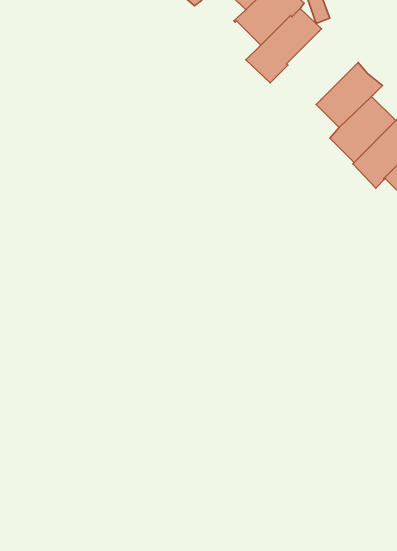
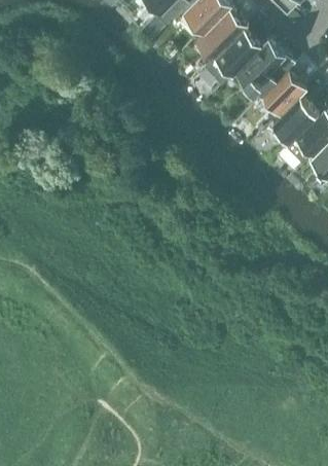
building: none -> [233,40,293,100]

